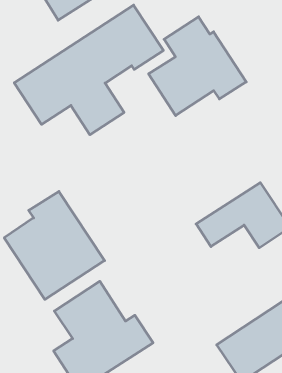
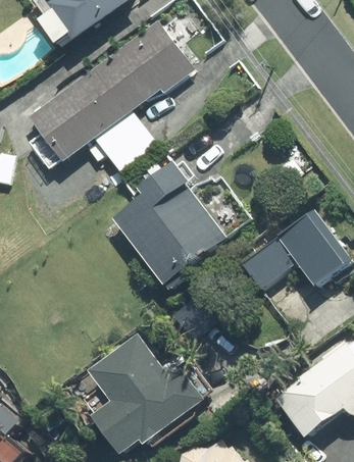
building: [149,17,246,116] -> none
building: [4,191,105,299] -> [113,163,227,286]

